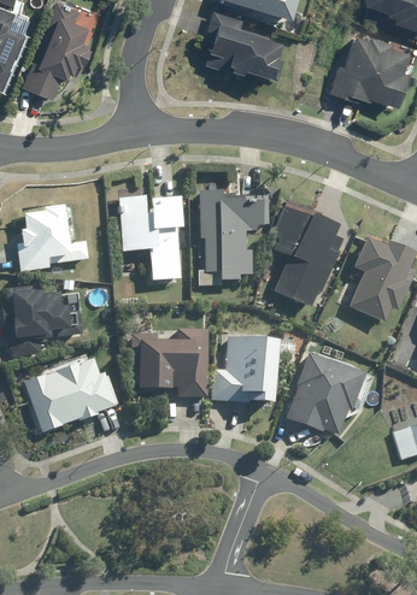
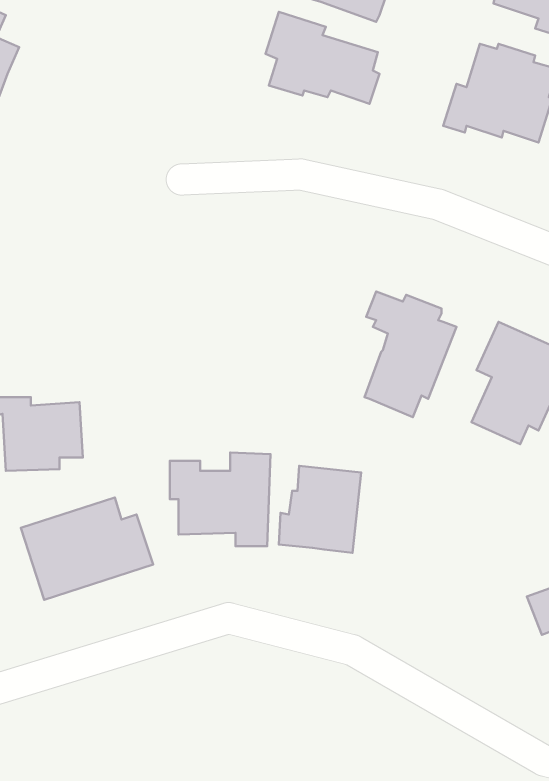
building: [30,8,92,98] -> none
building: [201,195,263,278] -> none
building: [121,199,183,277] -> none
building: [18,204,89,272] -> none
building: [284,350,370,438] -> none

